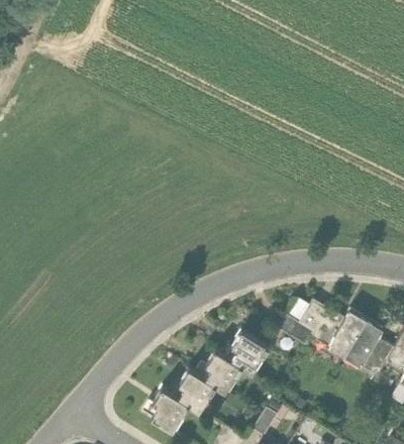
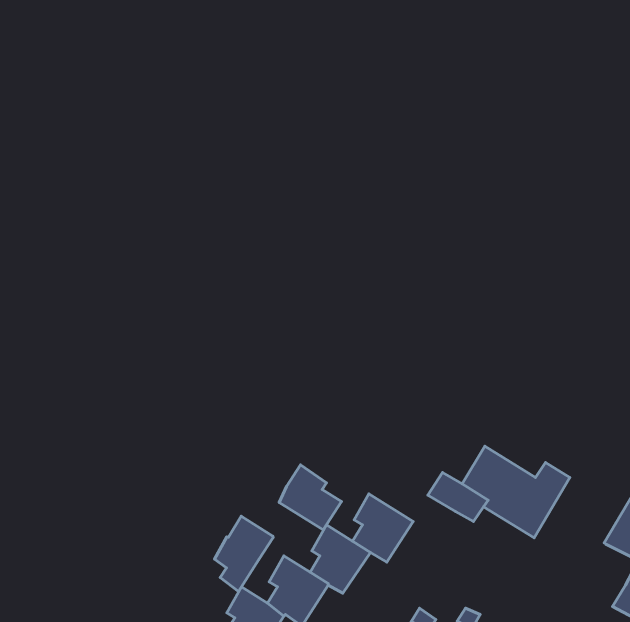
building: none -> [279,465,341,530]
building: [343,320,394,377] -> none
building: none -> [214,516,273,592]

